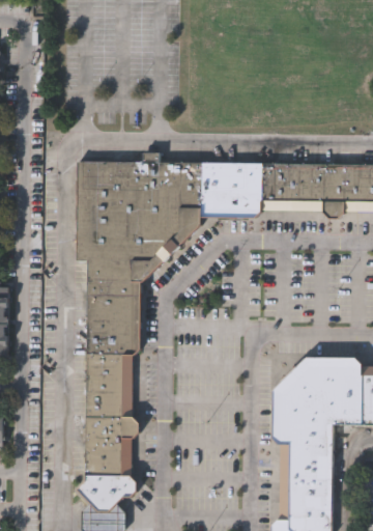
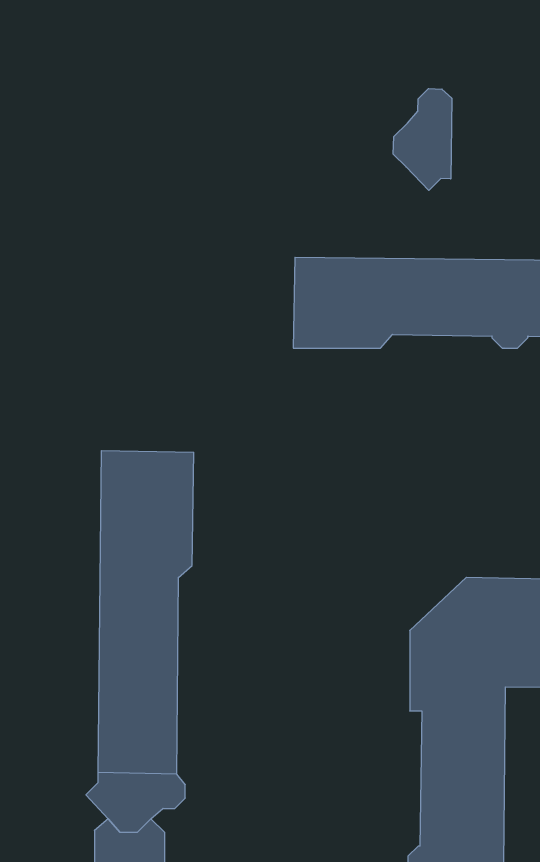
building: none -> [393,89,452,190]
building: [74,151,203,281] -> none

